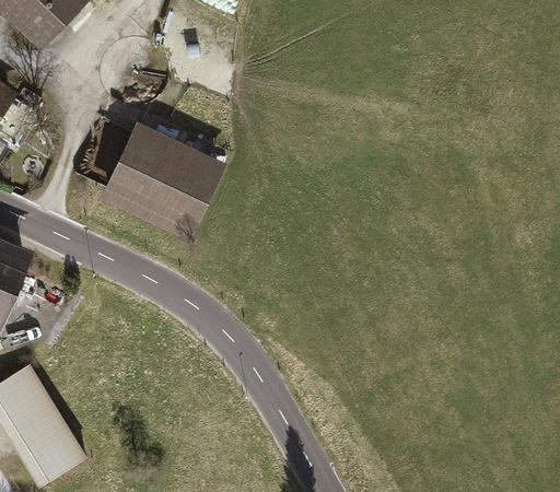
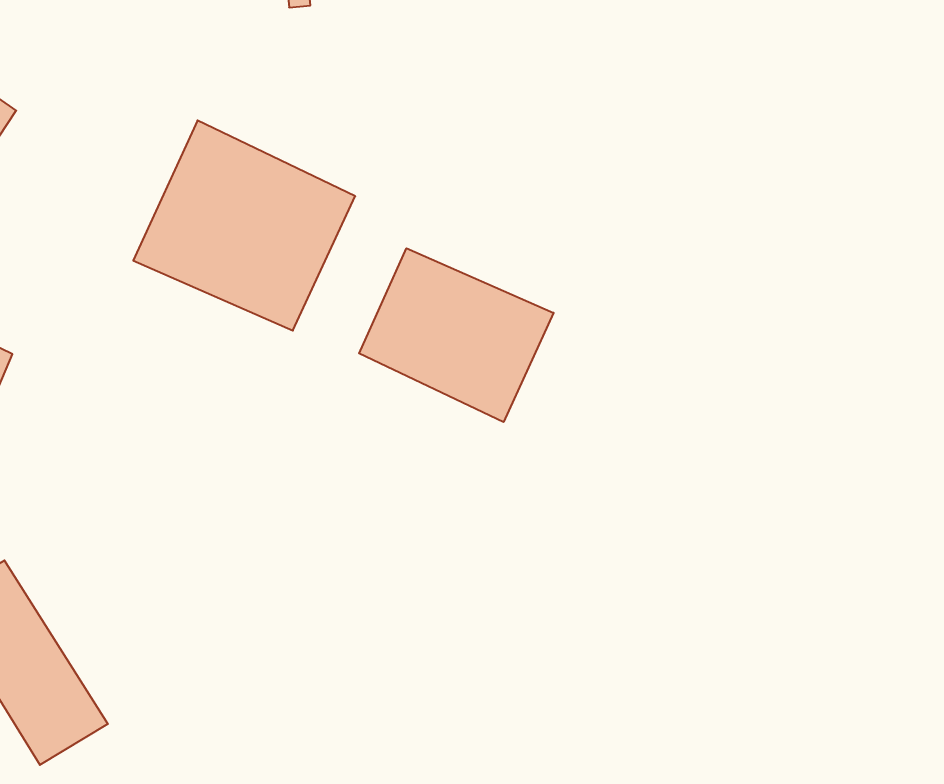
building: none -> [359,248,554,422]

